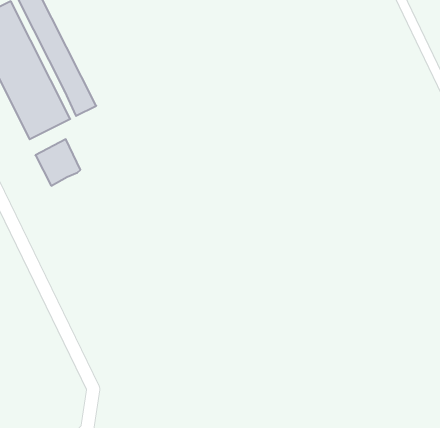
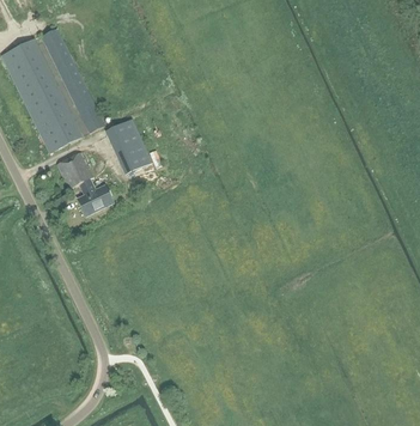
building: none -> [105,118,153,175]
building: none -> [78,179,112,217]

